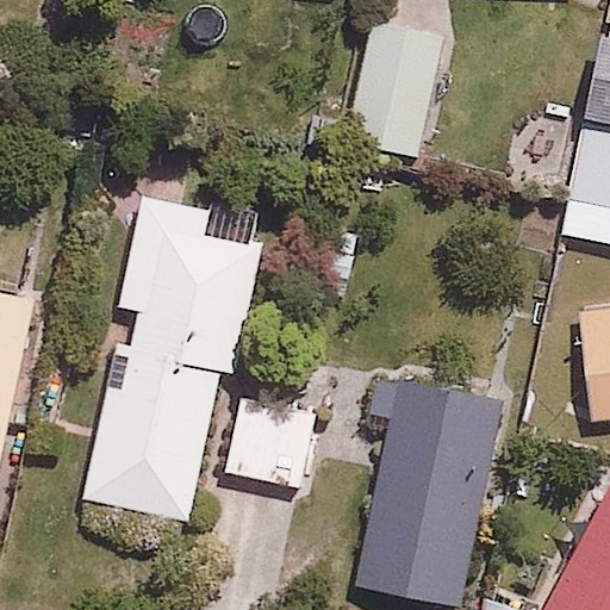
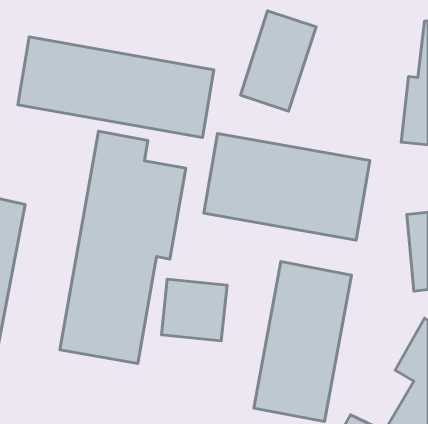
building: none -> [18,37,214,137]
building: none -> [204,134,370,240]

